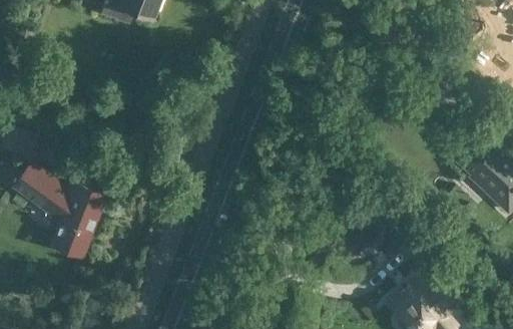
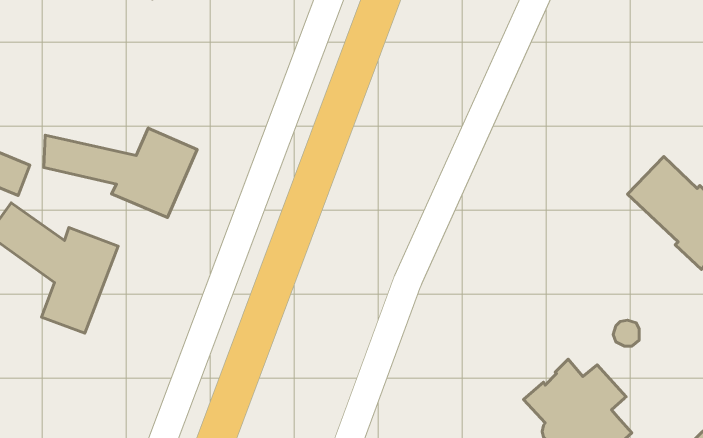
building: none -> [44,128,197,218]

